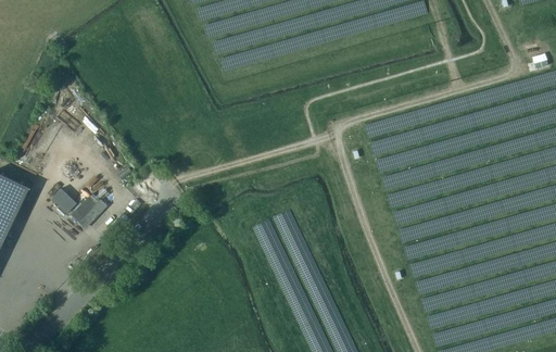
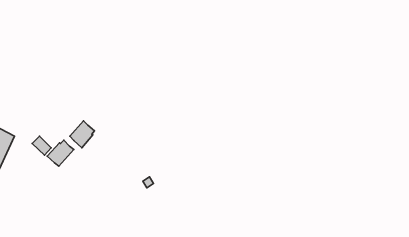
building: none -> [70,121,95,148]

